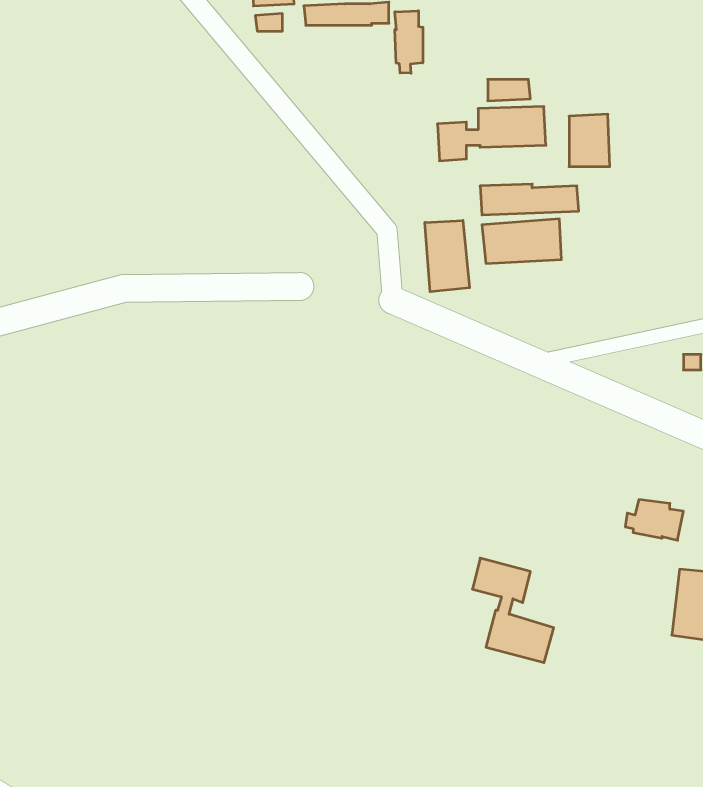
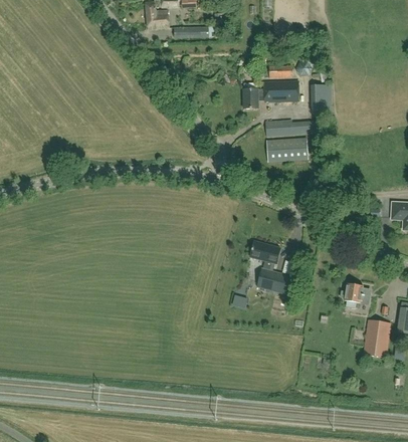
building: [395,11,423,73] -> none
building: [425,220,470,292] -> none
building: [472,558,554,663] -> [249,240,291,294]

